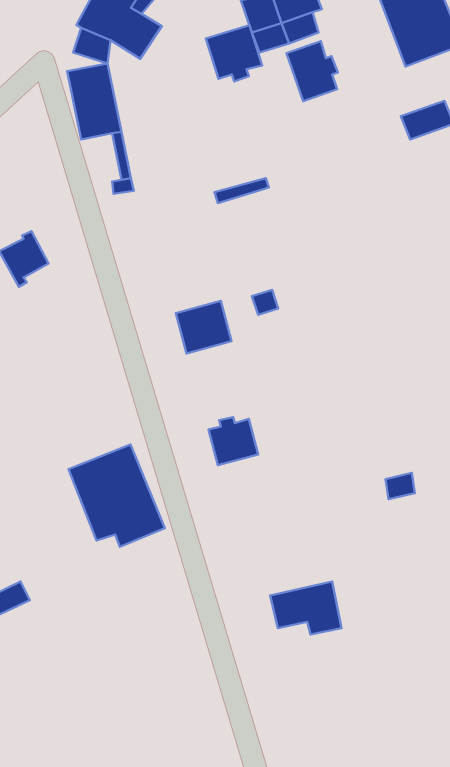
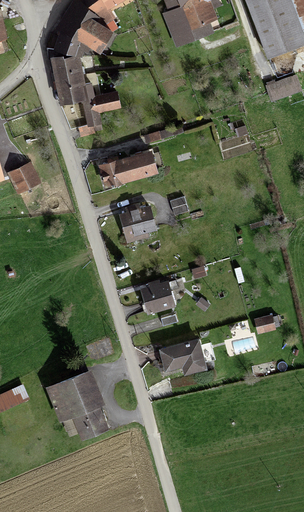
building: [206,25,262,82] -> none
building: [287,41,338,101] -> none
building: none -> [91,92,120,111]
building: none -> [102,149,159,185]
building: [68,444,165,547] -> [49,370,111,436]
building: [270,582,341,634] -> [160,339,206,373]

